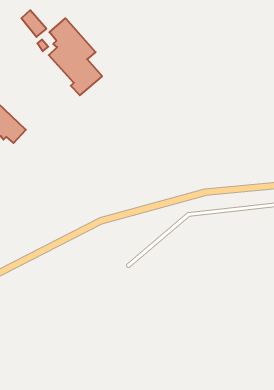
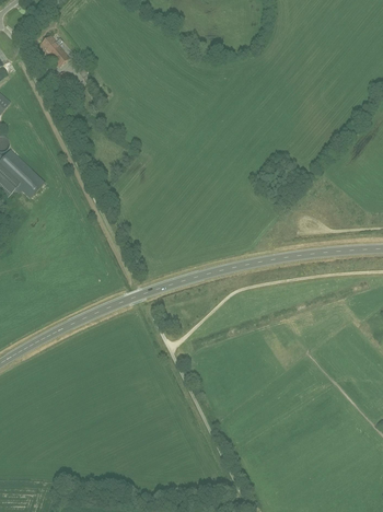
building: [49,18,102,95] -> none

